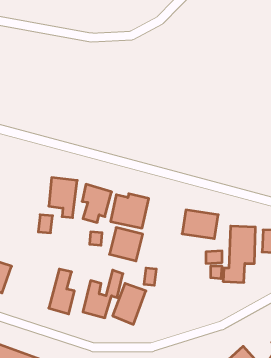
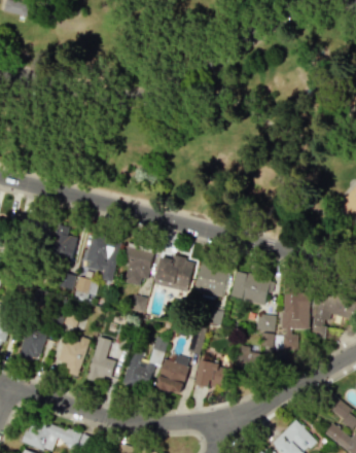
building: none -> [49,224,77,263]
building: [109,228,143,261] -> [193,263,229,299]
building: none -> [57,336,88,377]
building: none -> [235,346,261,375]
building: none -> [194,358,228,390]

